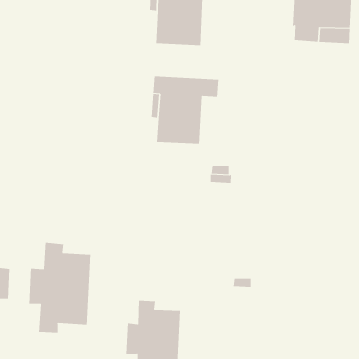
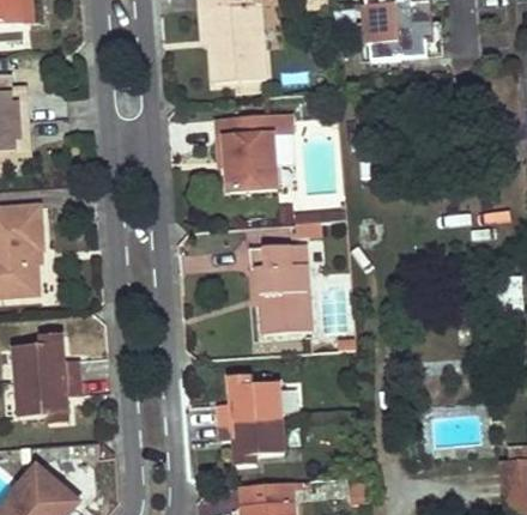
building: none -> [248,244,310,332]
building: [29,242,91,333] -> none

